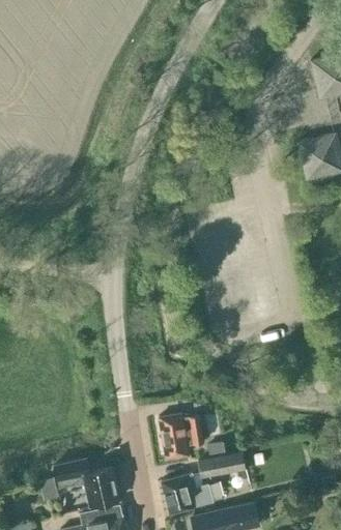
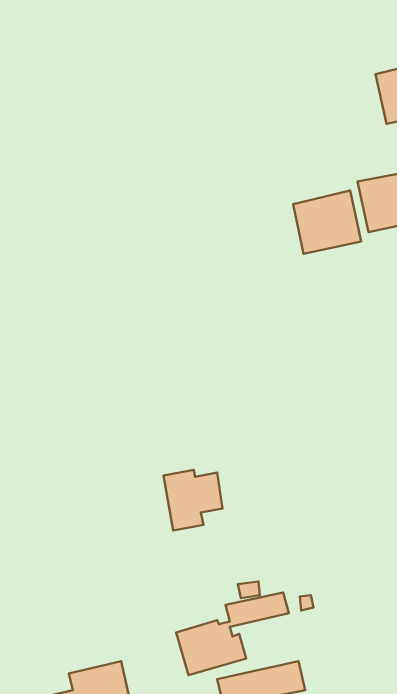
building: none -> [293,190,361,254]
building: [159,414,203,460] -> [164,470,223,530]
building: [54,460,119,507] -> none

